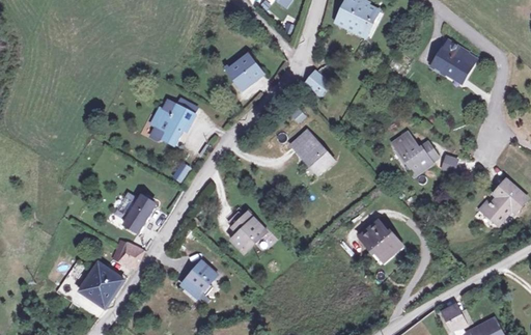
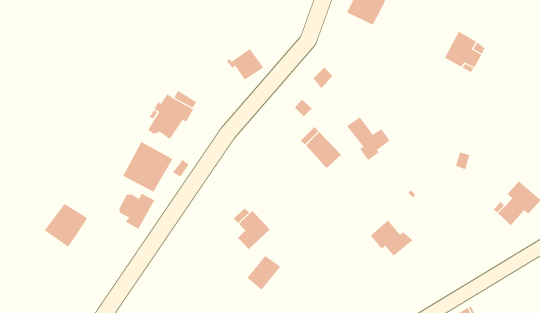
building: [394,134,437,176] -> [346,117,391,161]
building: none -> [123,141,173,193]
building: [117,239,143,268] -> none
building: [184,260,217,295] -> [247,255,281,291]
building: [81,262,123,305] -> [44,203,88,247]

